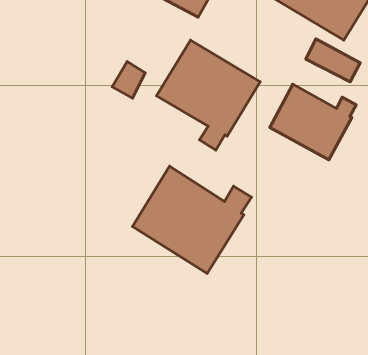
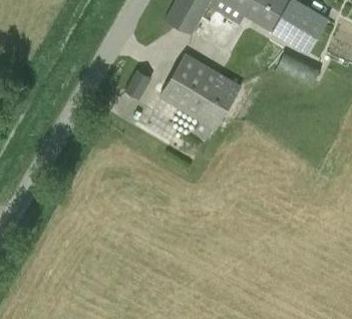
building: [270,84,356,160] -> none
building: [132,166,252,273] -> none

